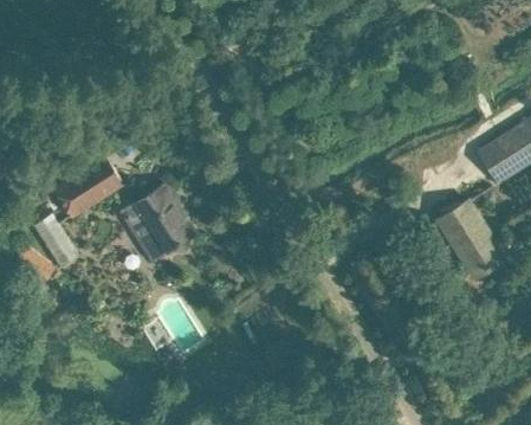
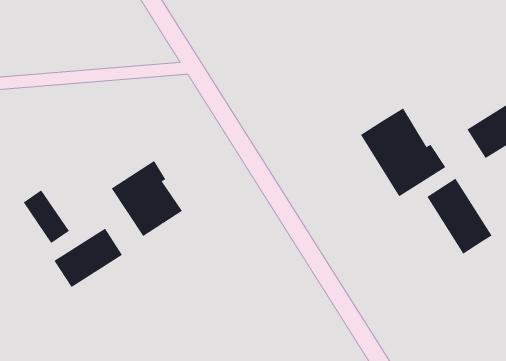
building: none -> [360,107,446,197]
building: [53,155,123,215] -> [54,228,123,288]

